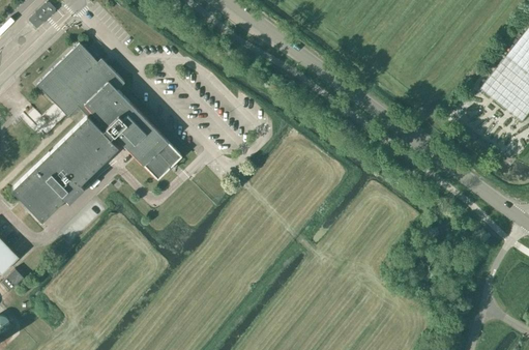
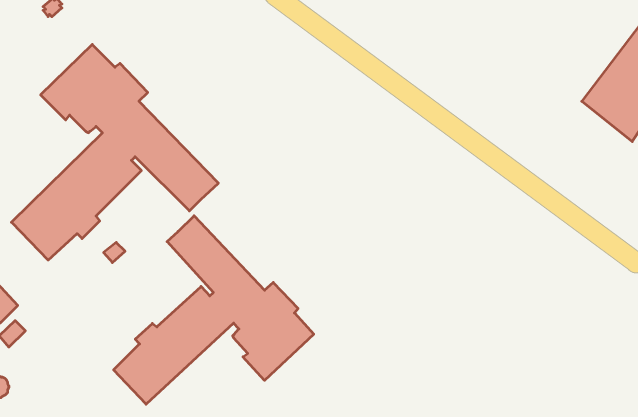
building: none -> [114,216,314,404]

